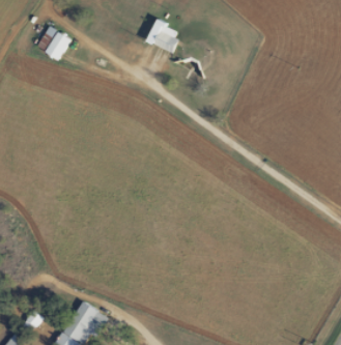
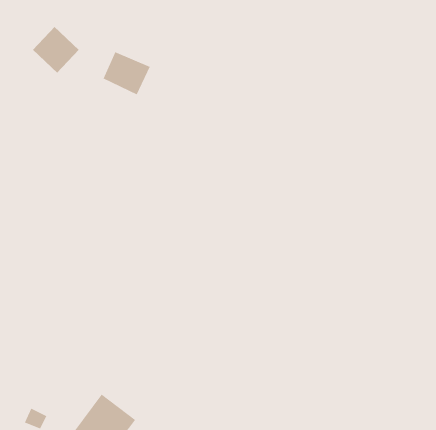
building: [143,21,179,54] -> [102,51,151,95]

